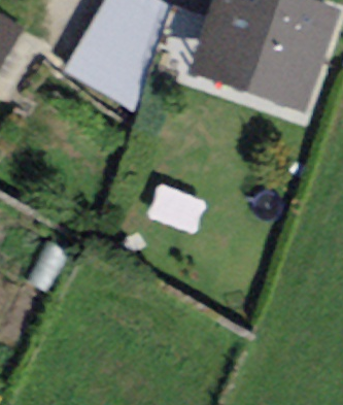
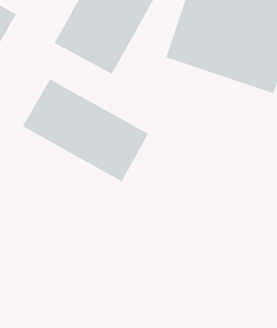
building: none -> [22,78,149,182]

